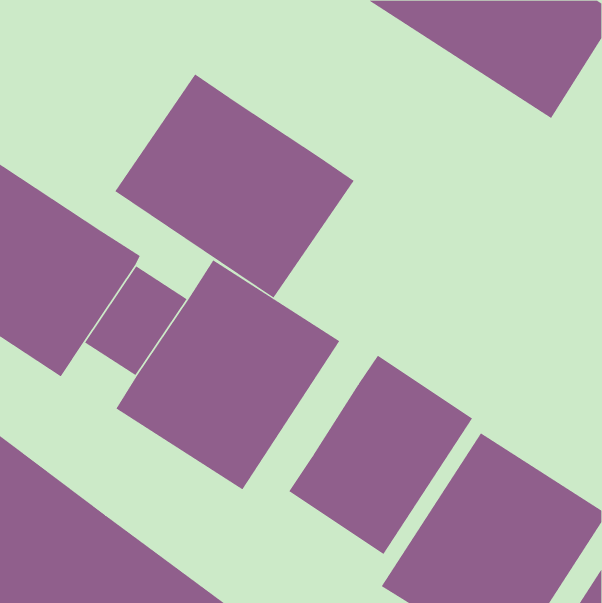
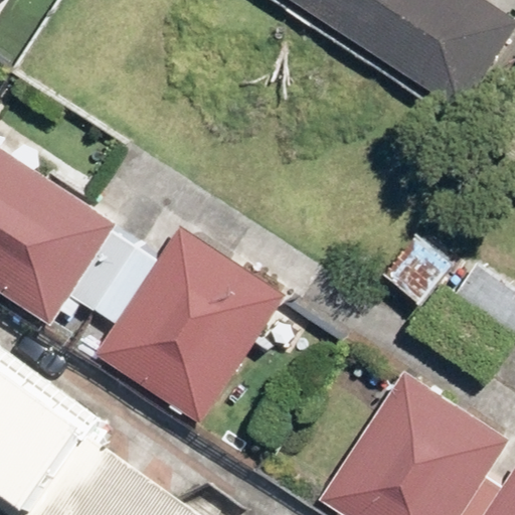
building: [114,74,354,299] -> none
building: [289,355,473,555] -> none

